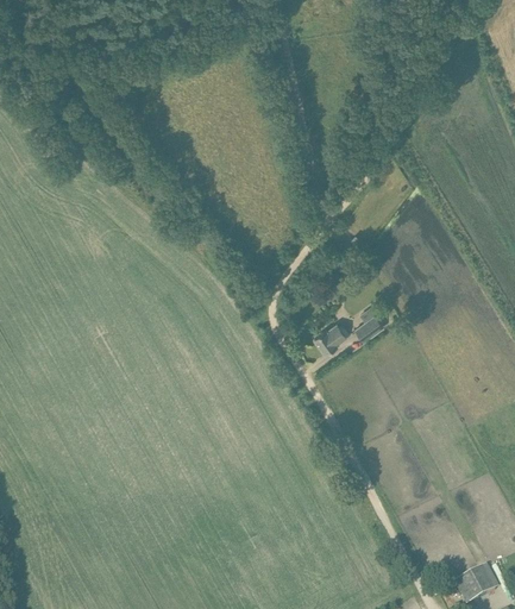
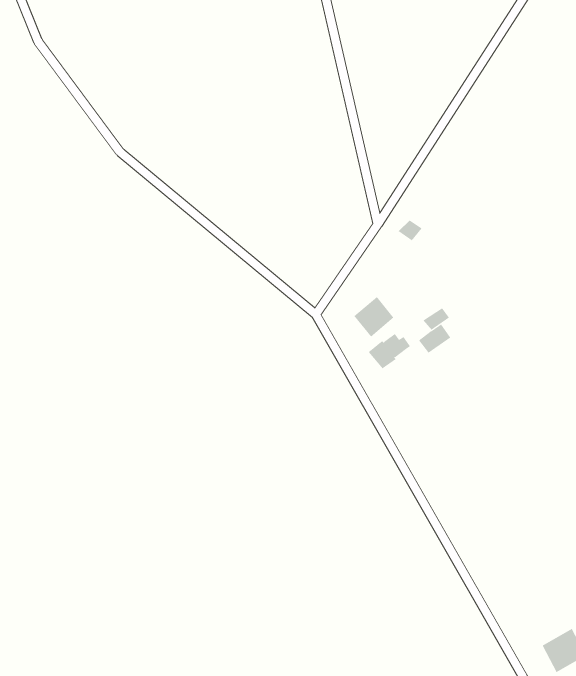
building: none -> [354,296,394,338]

